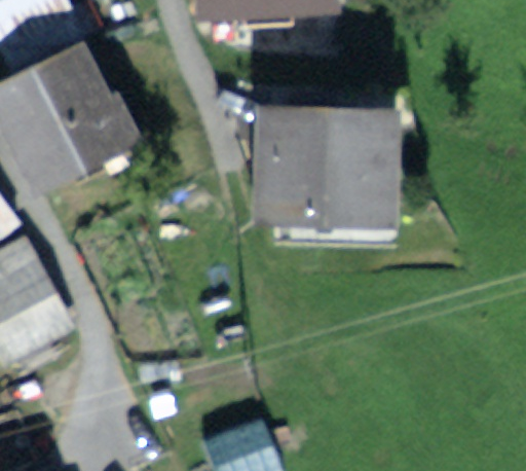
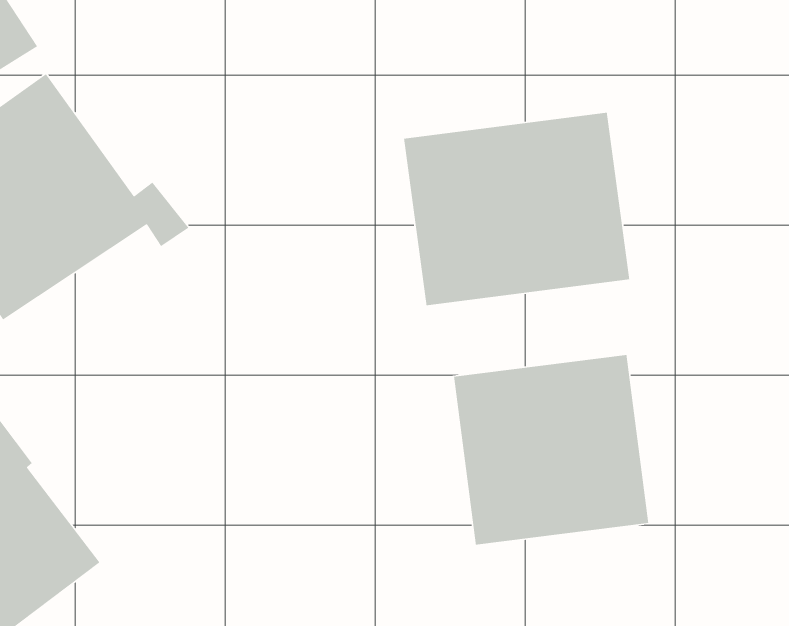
building: none -> [453,354,649,545]

